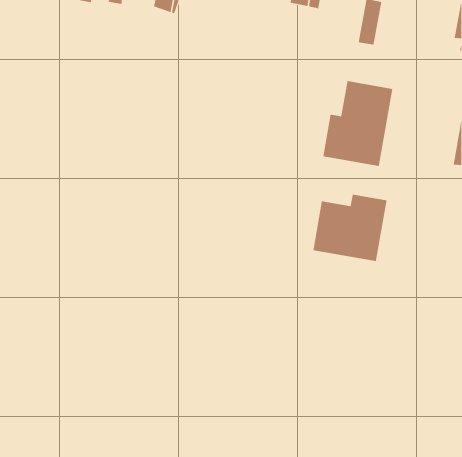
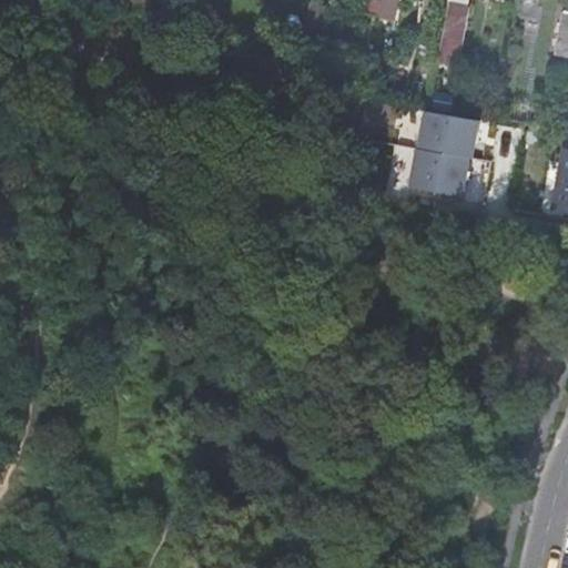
building: [313,194,387,262] -> none

